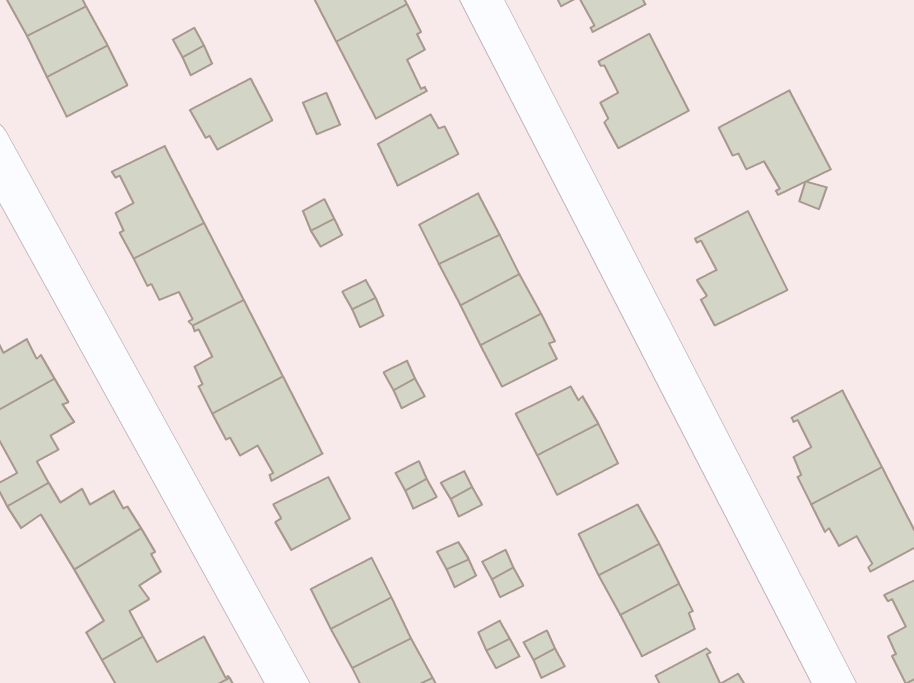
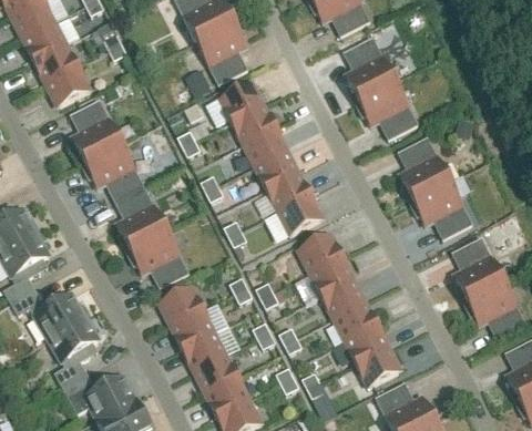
building: [190,79,272,150] -> [44,65,91,105]
building: [719,90,831,195] -> [355,80,418,138]
building: none -> [231,104,276,144]
building: none -> [409,181,472,238]
building: none -> [320,278,366,318]
building: none -> [171,309,216,349]

